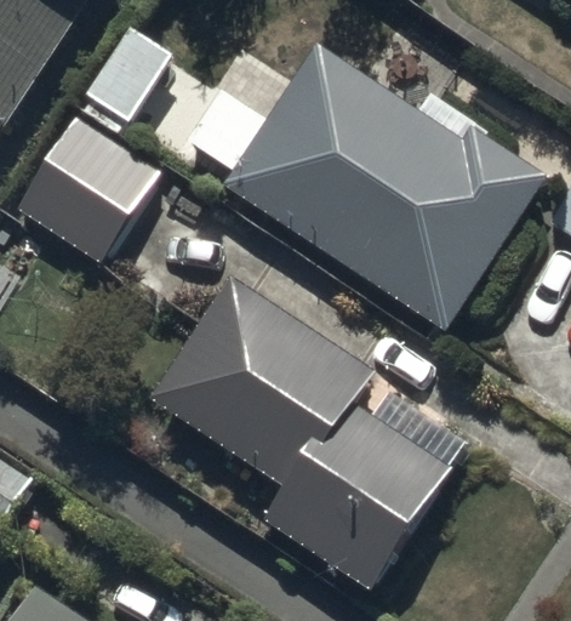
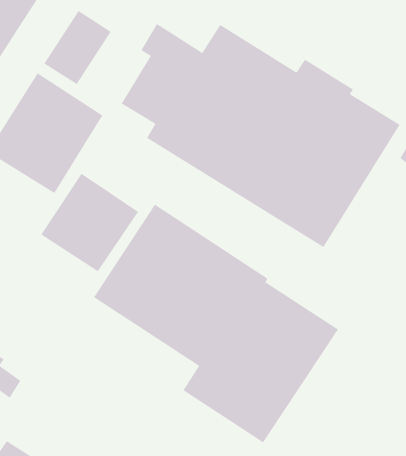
building: none -> [41,173,139,272]

